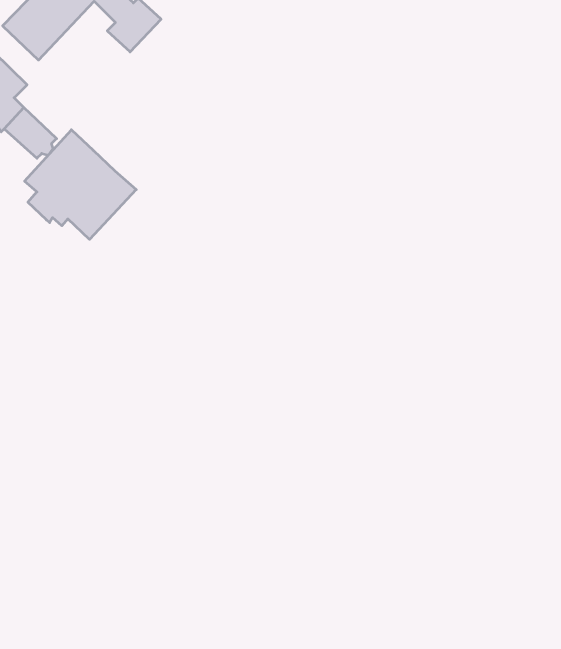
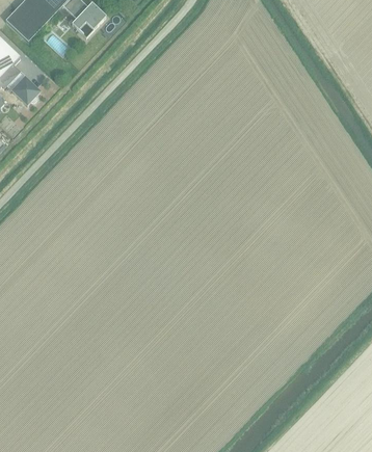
building: [25,130,136,239] -> none

